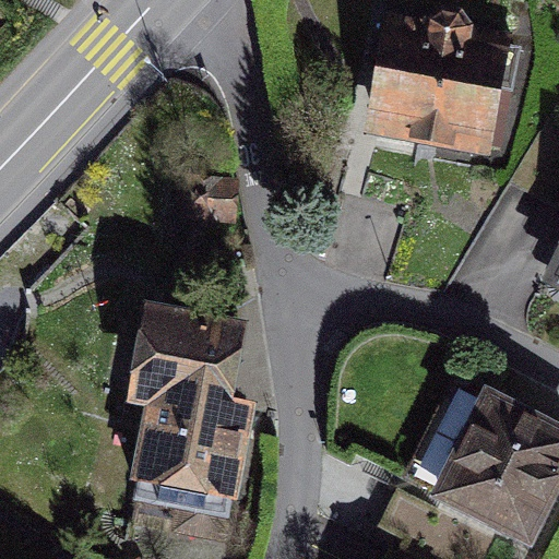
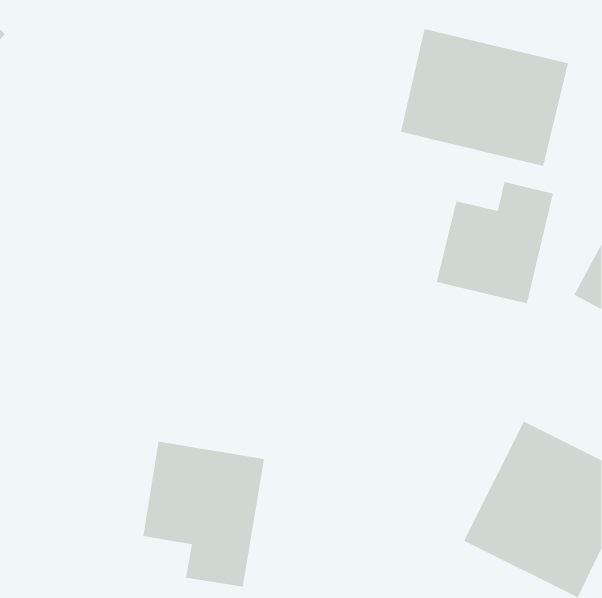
building: none -> [436,181,554,304]
building: [124,301,260,421] -> none

